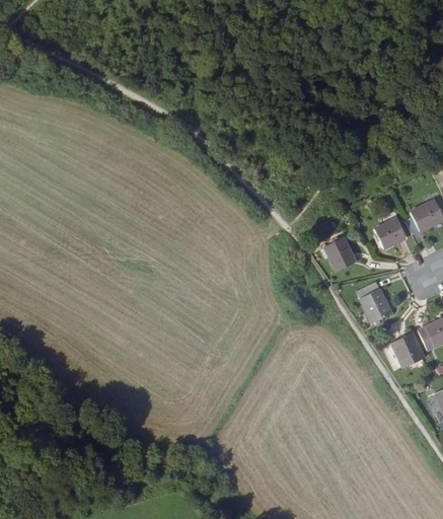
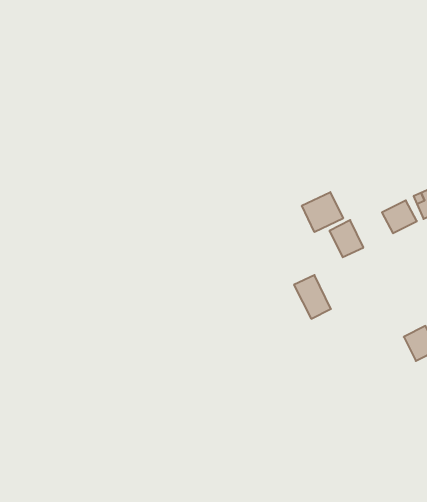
building: none -> [302,192,343,232]
building: [357,282,391,322] -> [294,275,331,319]

